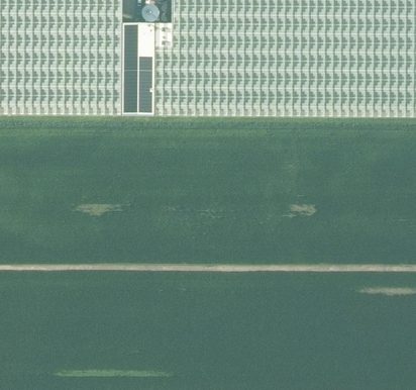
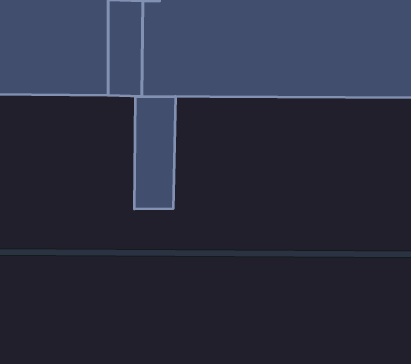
building: none -> [134,96,175,209]

